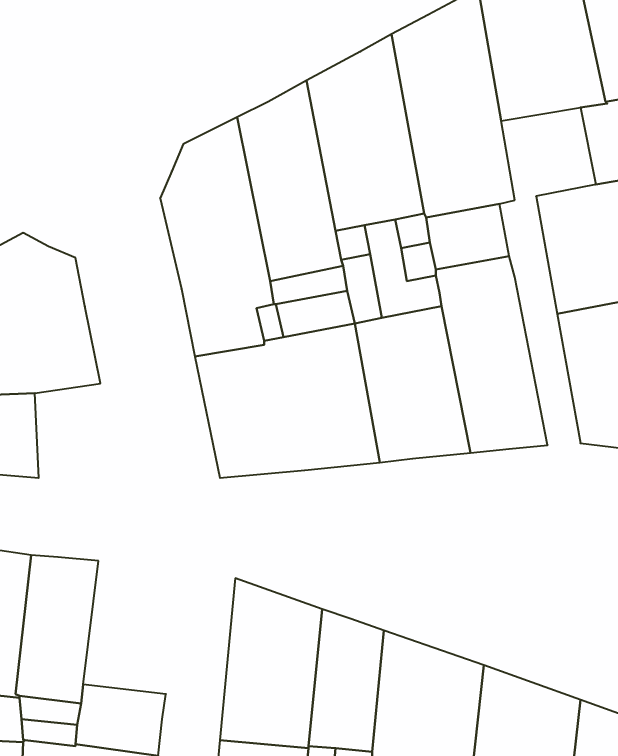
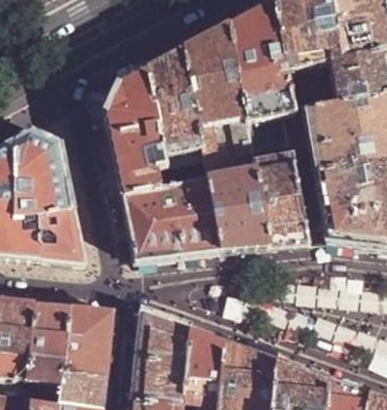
building: none -> [285,63,336,112]
building: none -> [37,209,84,263]
building: none -> [63,303,114,374]

